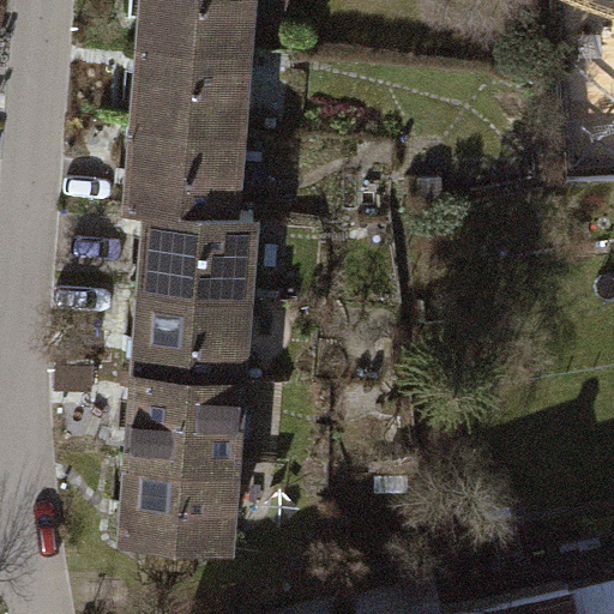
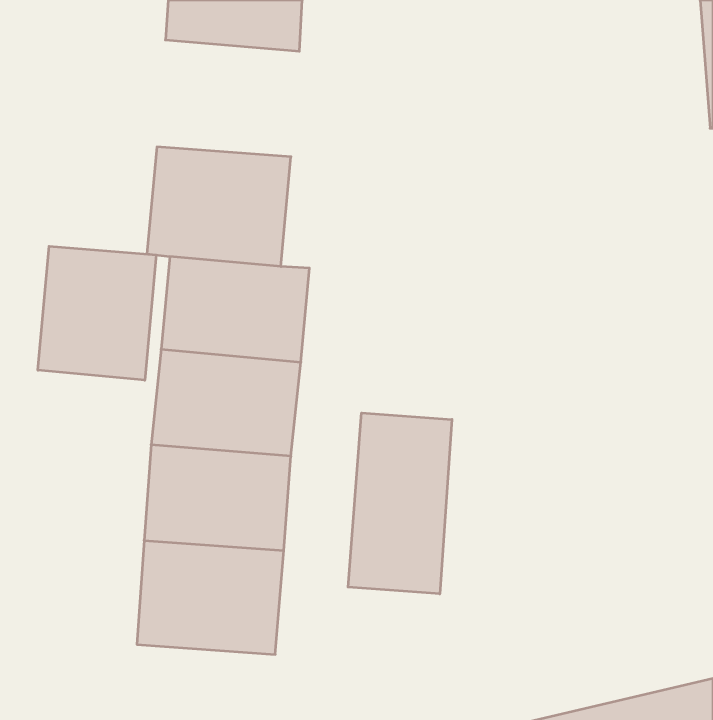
building: [132,41,252,139] -> none
building: none -> [38,246,156,380]
building: none -> [348,413,452,594]

